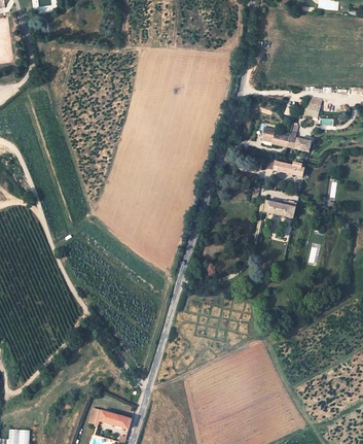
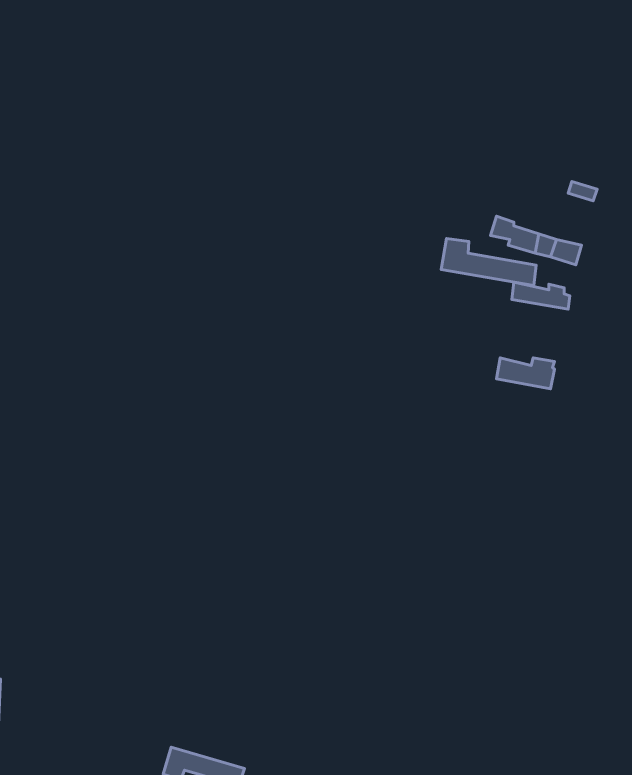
building: none -> [441,238,536,286]

